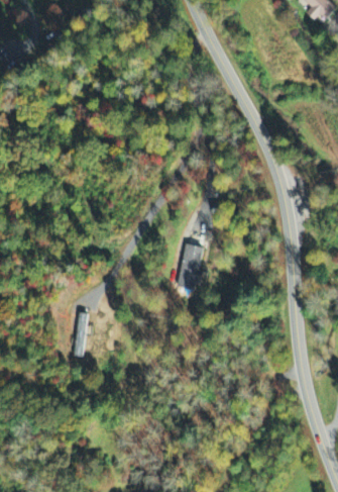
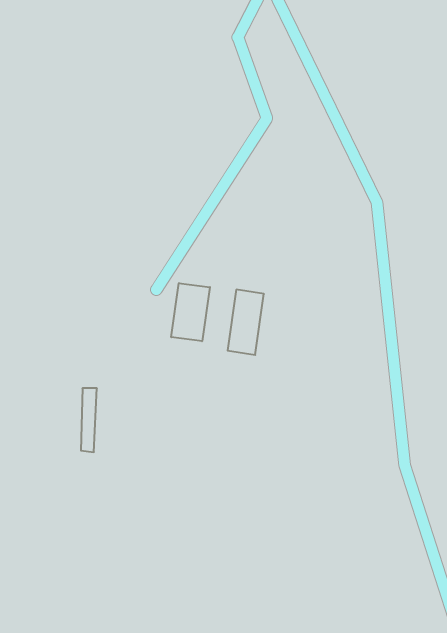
building: none -> [171,283,210,341]

